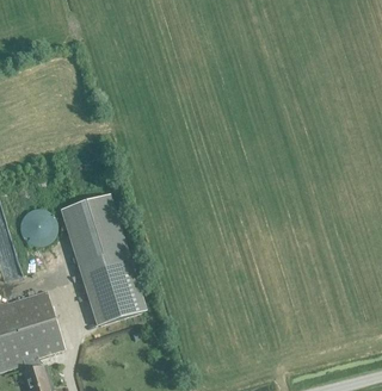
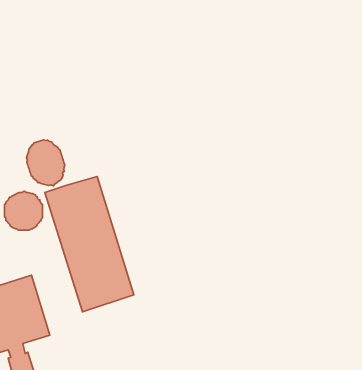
building: none -> [27,140,65,186]

